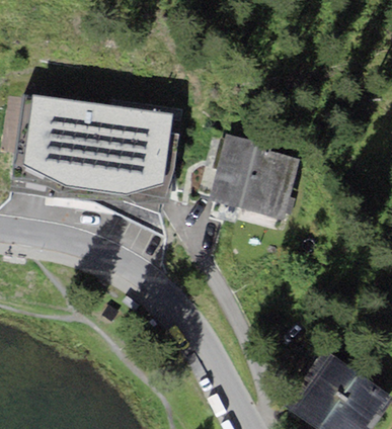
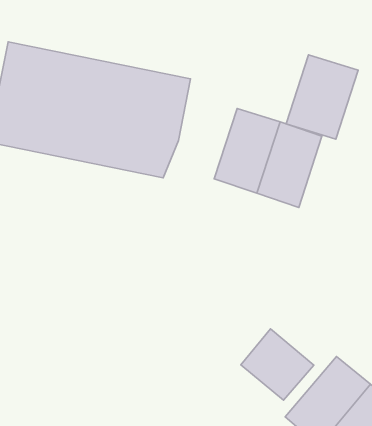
building: none -> [286,55,358,139]
building: none -> [241,329,314,400]

